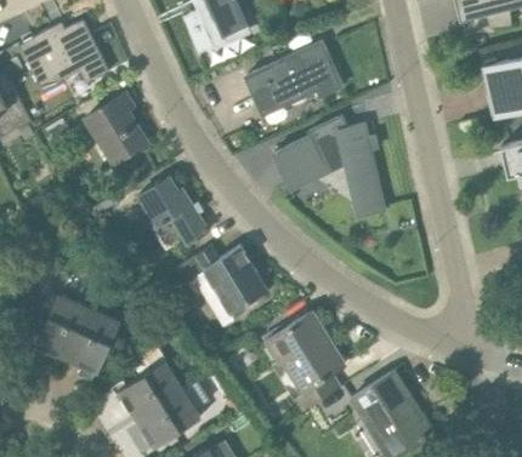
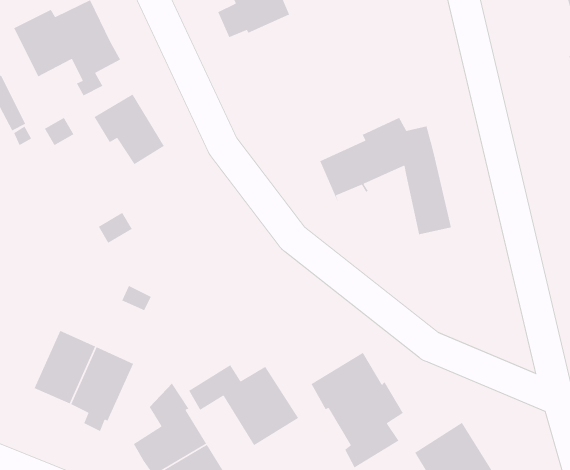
building: [246,44,341,109] -> none
building: [138,178,209,252] -> none
building: [176,246,268,314] -> [188,364,299,446]

